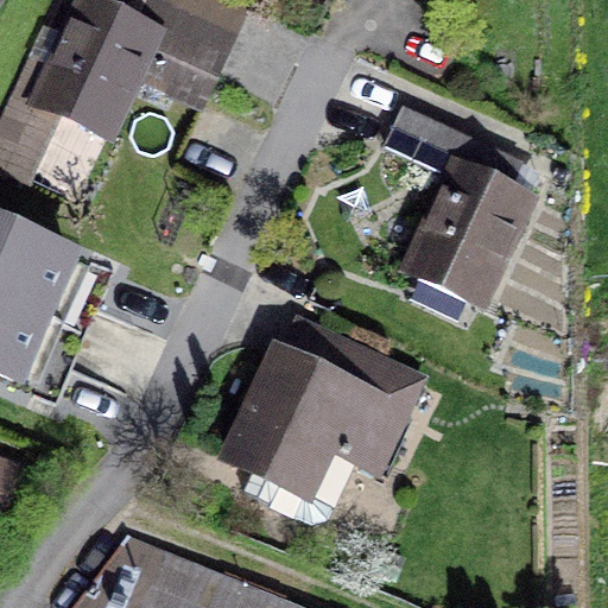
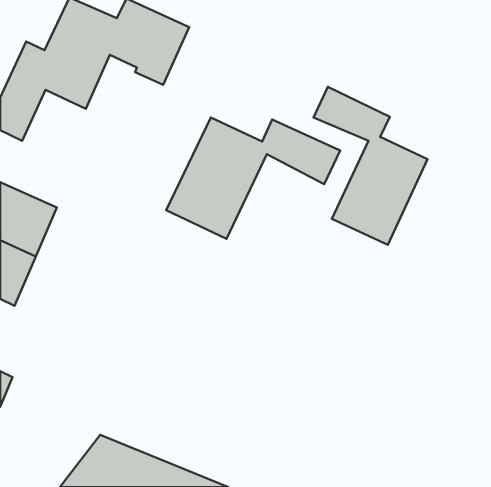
building: none -> [166,117,340,239]
building: [232,350,405,520] -> none

